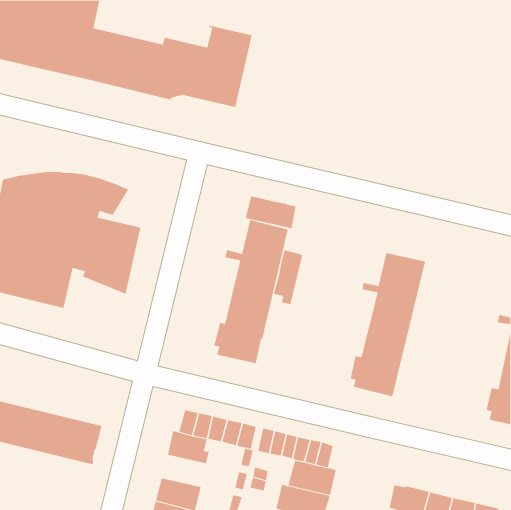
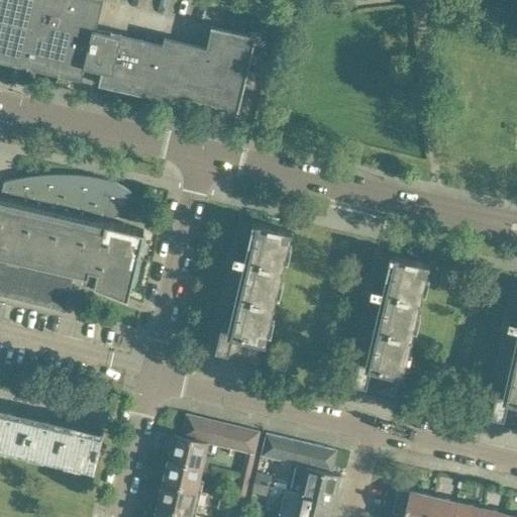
building: [245,195,296,229] -> none
building: [273,249,303,305] -> none
building: none -> [163,460,206,493]

